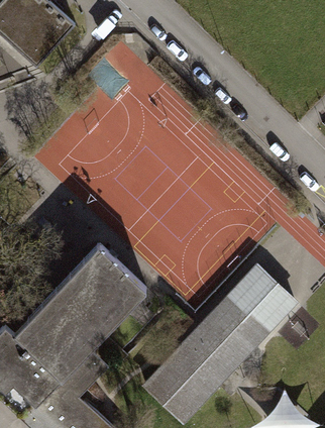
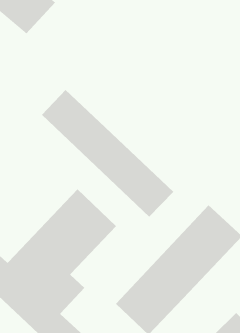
building: none -> [41,89,174,217]

